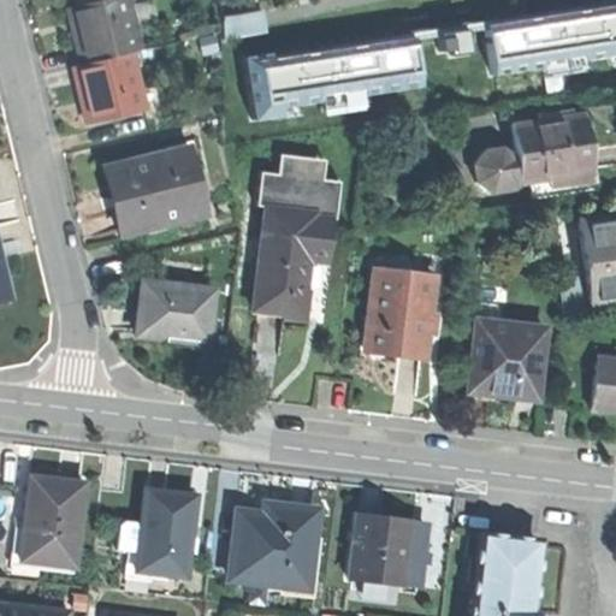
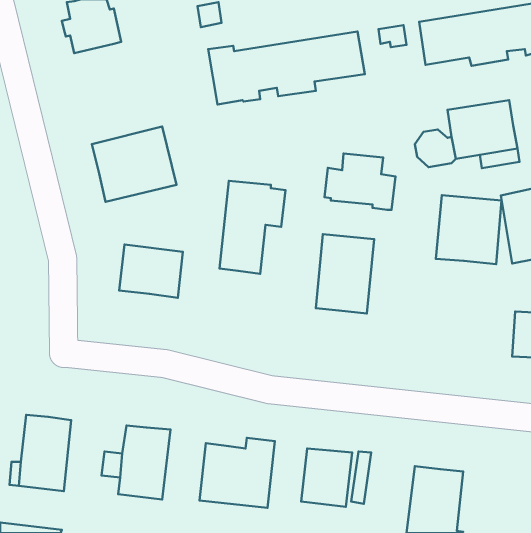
building: [79,51,144,117] -> none
building: [260,154,342,219] -> [325,153,396,210]
building: [470,320,546,399] -> [436,195,502,264]

